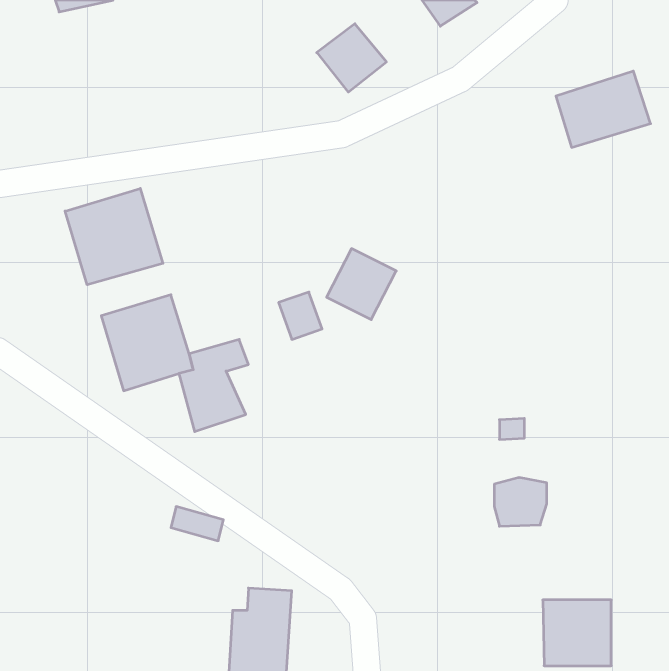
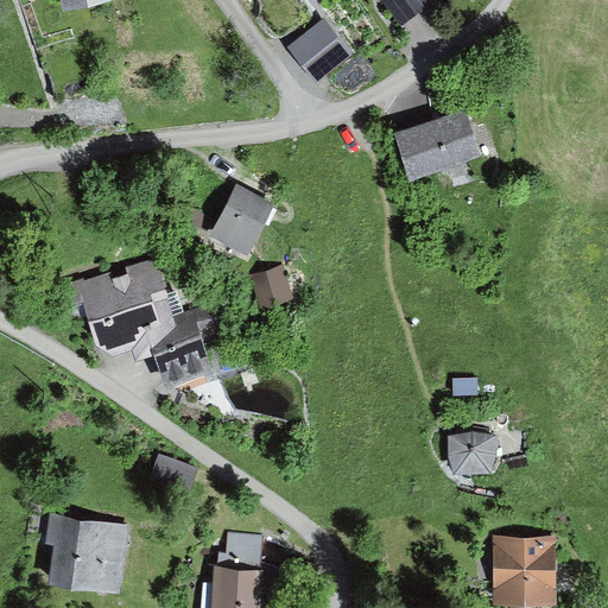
building: [556,71,651,147] -> [393,103,479,172]
building: [65,188,163,285] -> none
building: [327,249,396,320] -> [209,179,272,243]
building: none -> [52,518,128,588]

